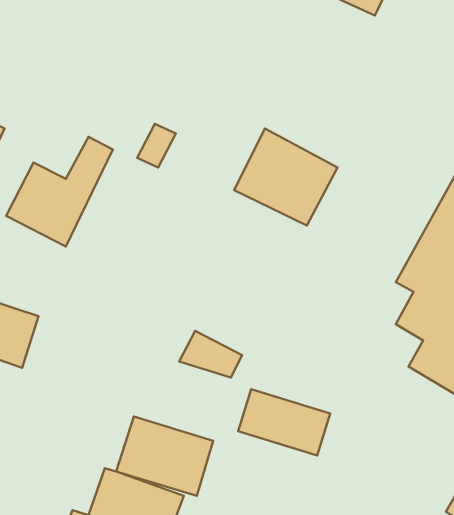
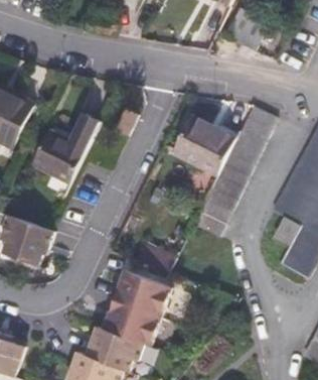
building: none -> [199,112,276,226]
building: [238,389,330,455] -> [109,268,166,309]

